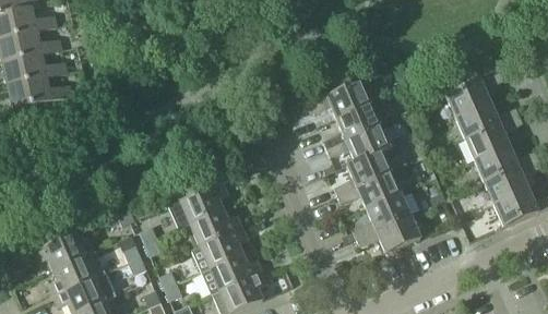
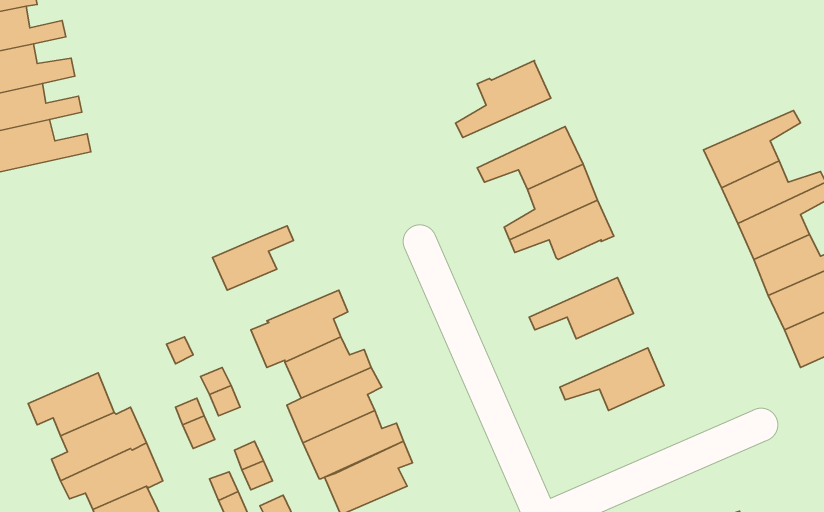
building: none -> [212,226,293,290]
building: [334,148,392,195] -> [456,60,551,138]
building: [354,193,410,238] -> none

